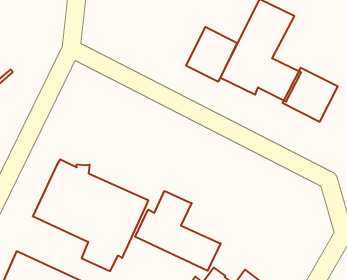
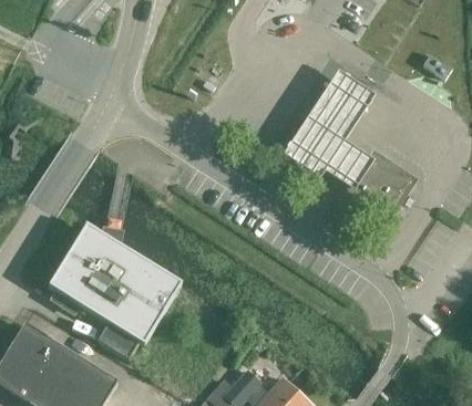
building: [186,27,237,82] -> none
building: [135,191,221,271] -> none

